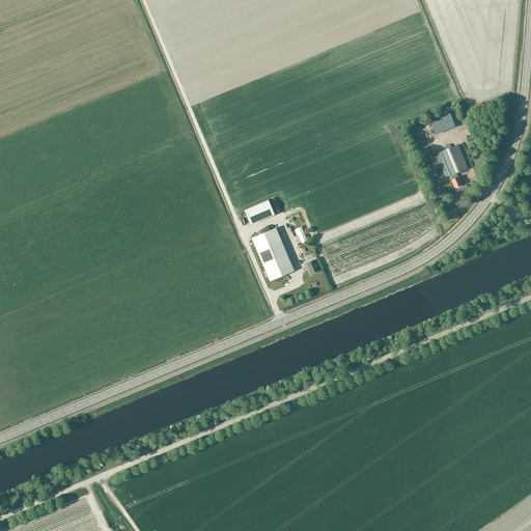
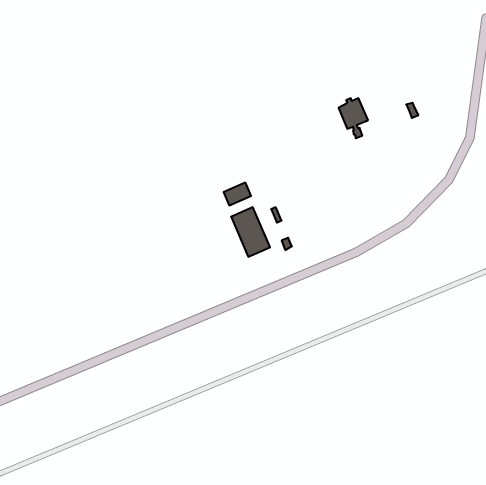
building: [437,143,469,187] -> [339,98,368,138]

